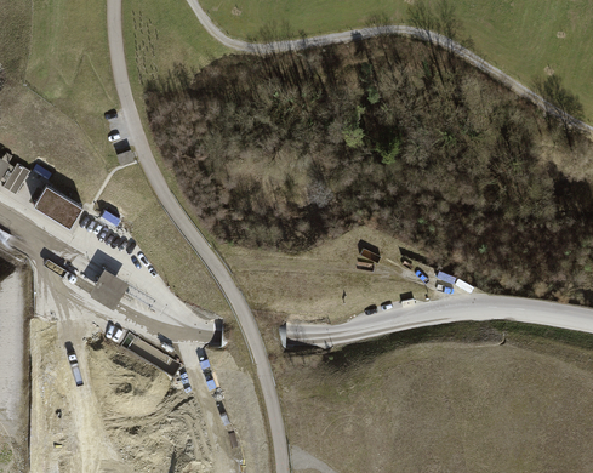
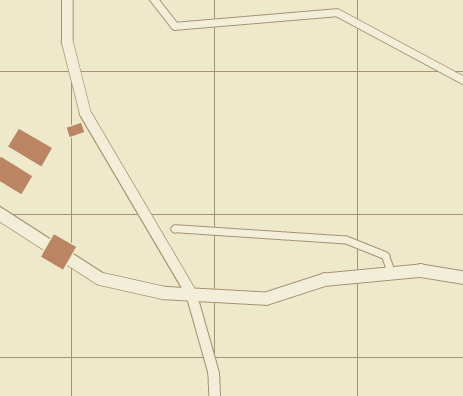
building: none -> [7,128,53,167]

